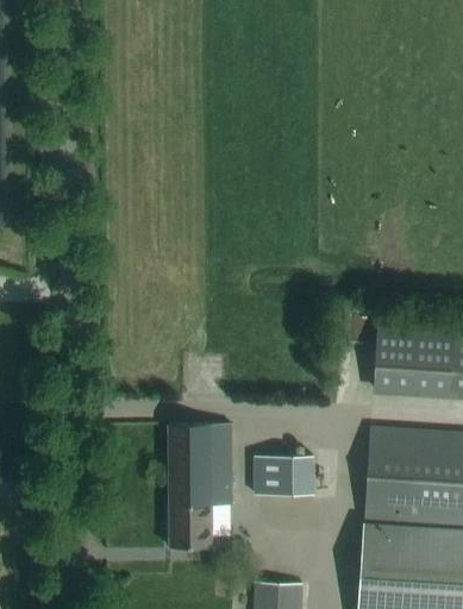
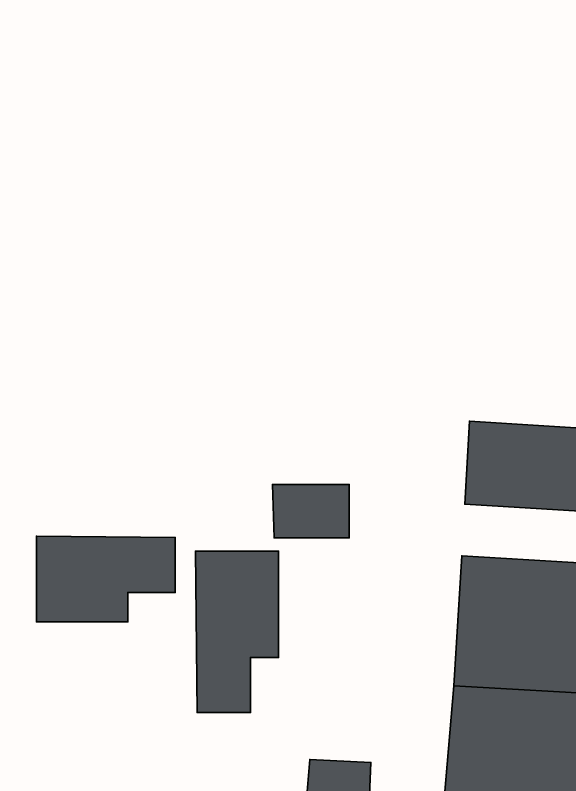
building: none -> [37,536,175,622]
building: [255,456,313,496] -> [273,485,349,538]

